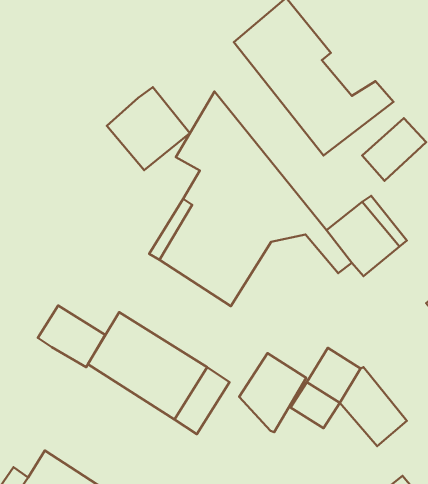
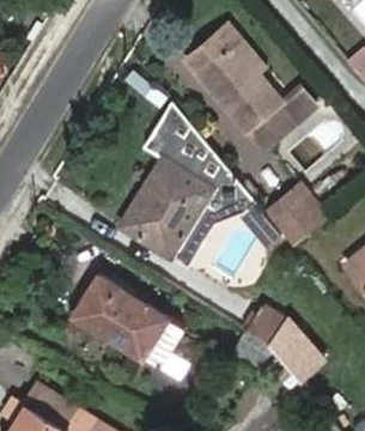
building: [107,87,190,170] -> none
building: [38,305,105,367] -> none
building: [239,353,306,432] -> none

